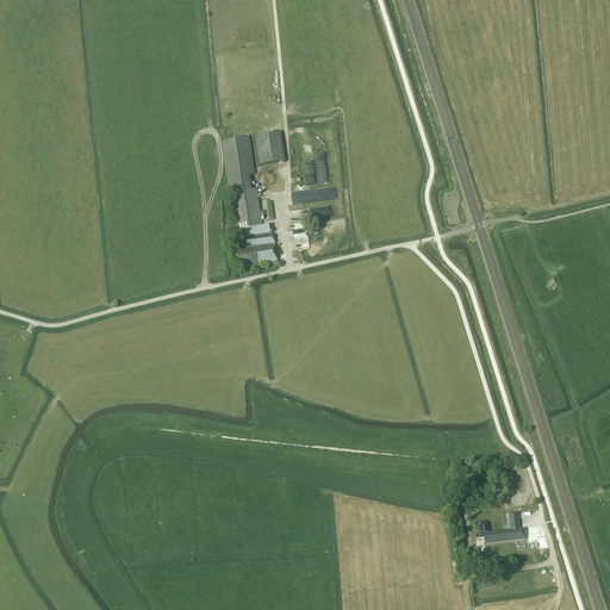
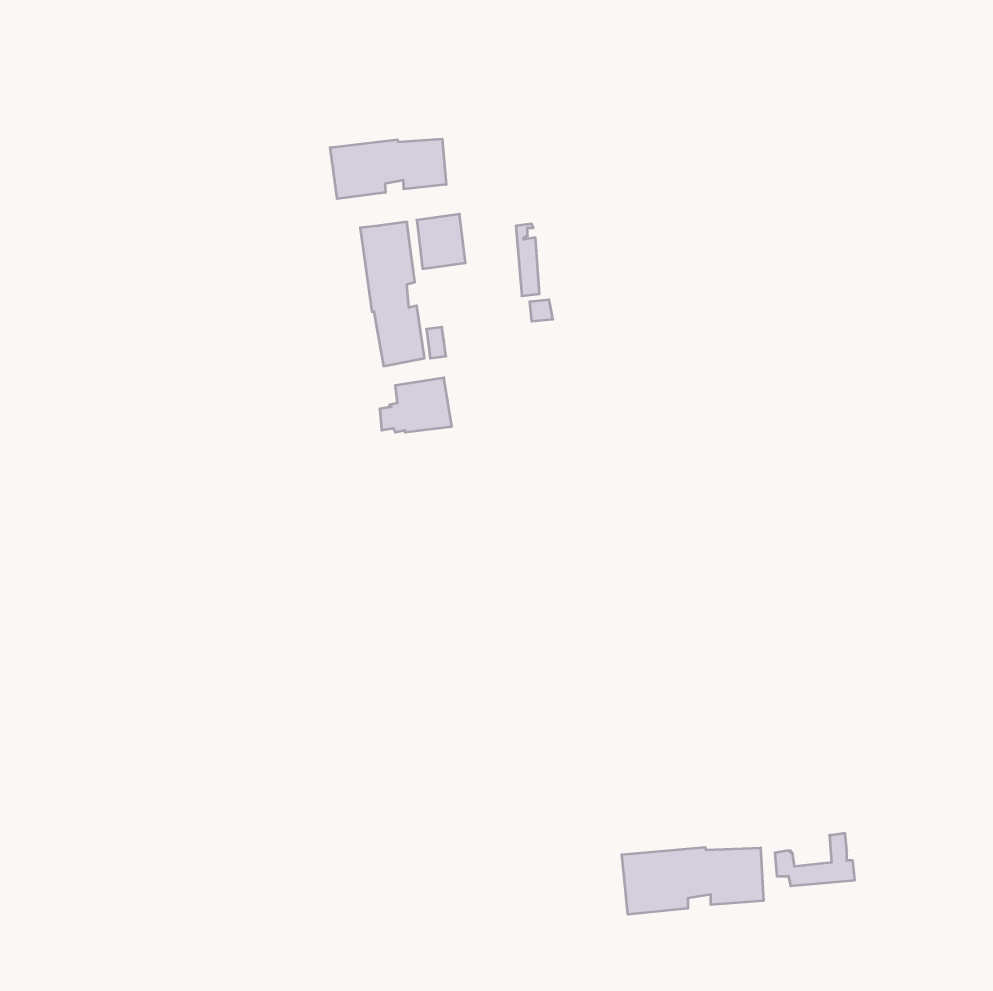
building: none -> [330,139,446,199]
building: none -> [622,847,763,914]

